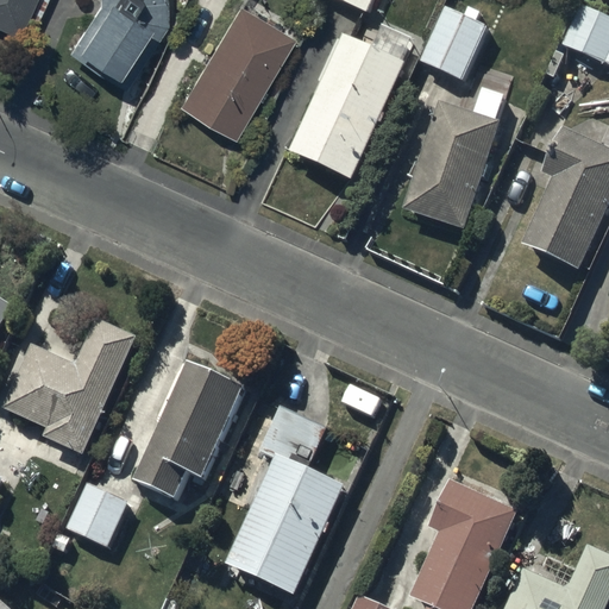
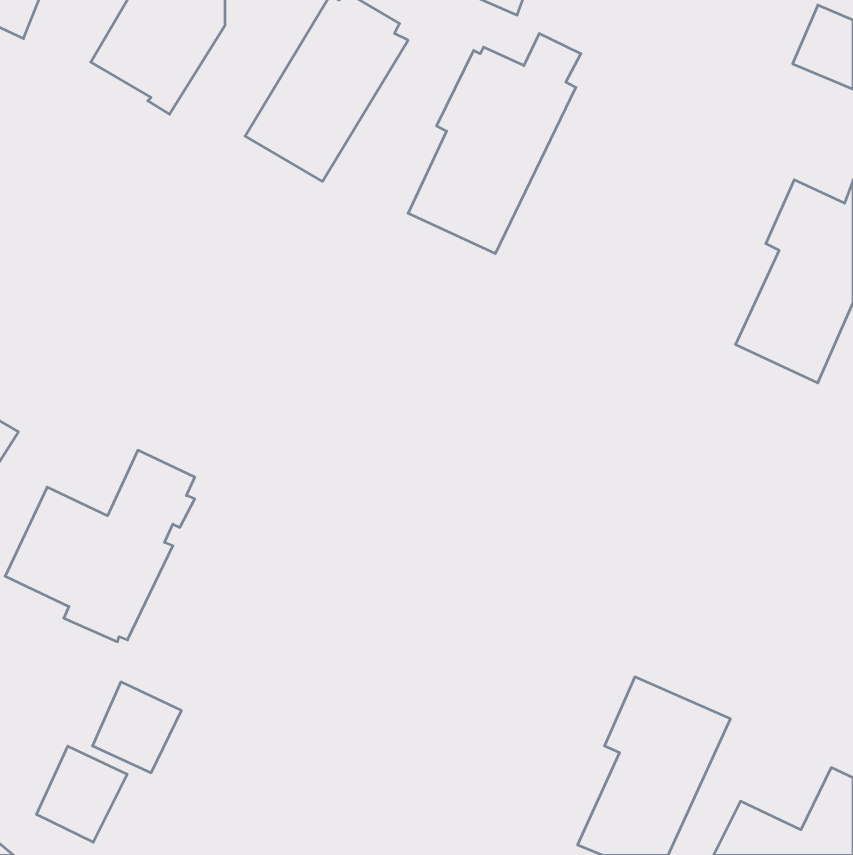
building: [420,6,491,82] -> none
building: [404,102,500,230] -> none
building: [133,360,245,498] -> none
building: [225,407,344,595] -> none
building: none -> [37,746,127,842]

